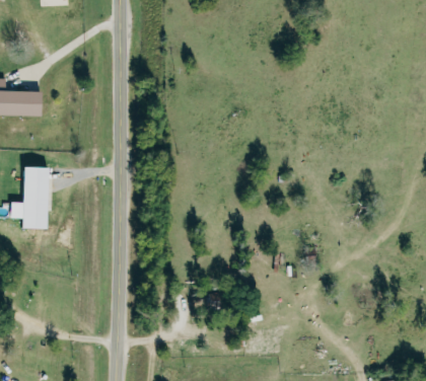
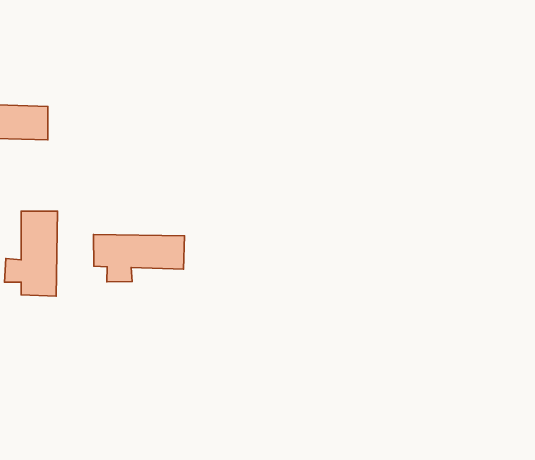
building: none -> [93,234,185,282]

